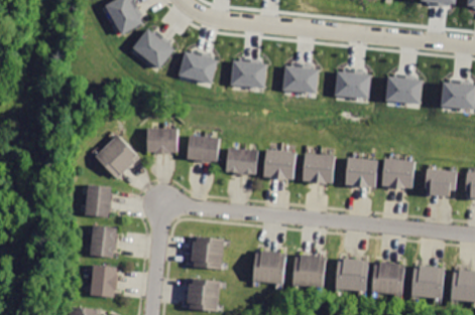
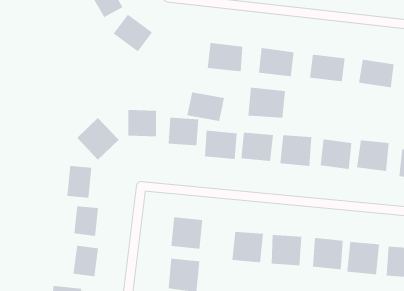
building: [177,52,217,83] -> [186,92,225,121]
building: none -> [248,87,285,118]

